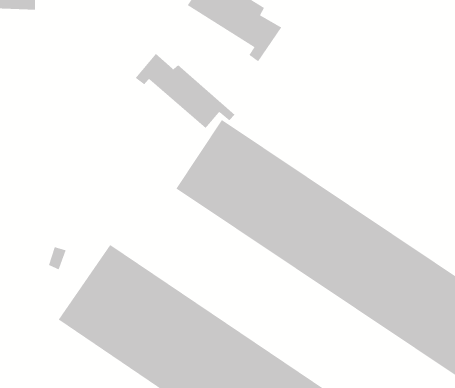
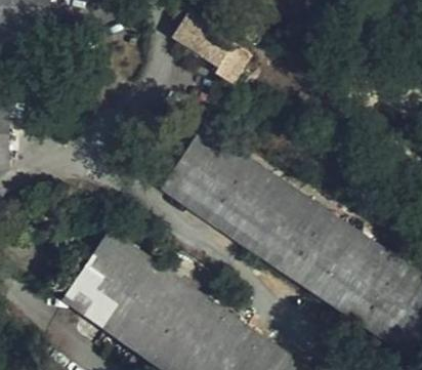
building: [135,53,235,129] -> none

